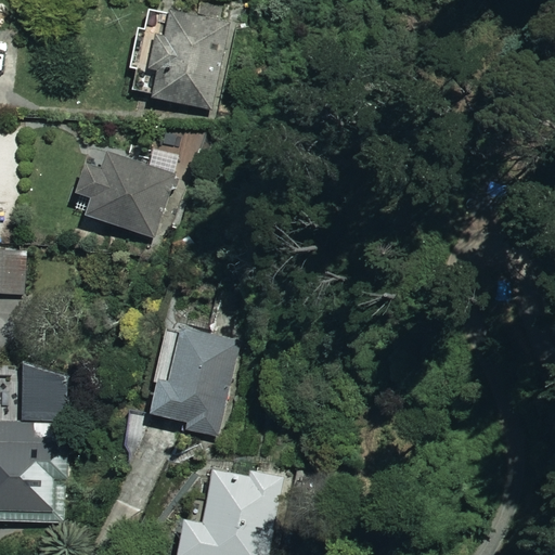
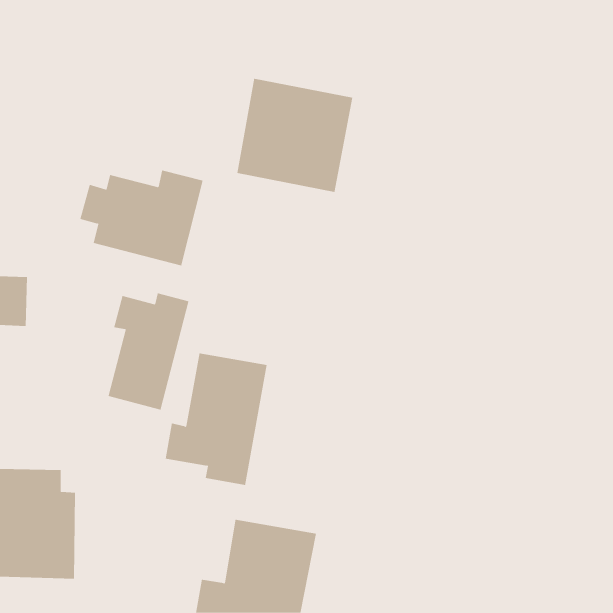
building: [124,7,229,109] -> [237,78,353,193]
building: none -> [108,293,189,411]
building: [21,367,59,417] -> none

